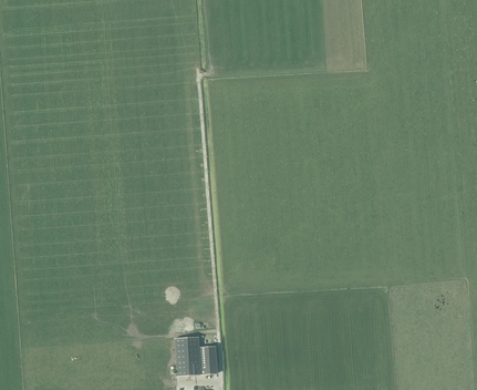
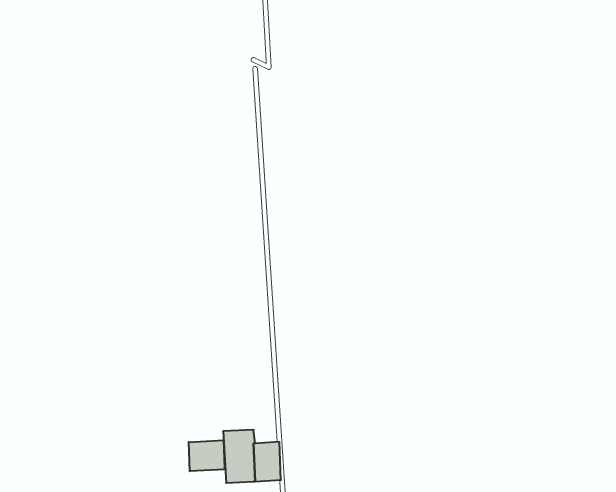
building: none -> [189,440,225,471]

